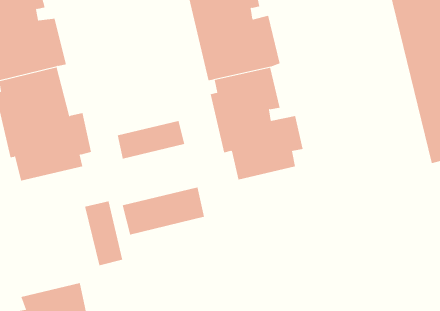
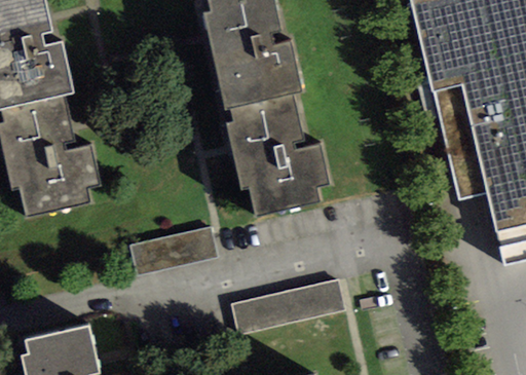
building: [117,120,185,160] -> none
building: [85,201,123,266] -> none
building: none -> [233,279,345,335]

